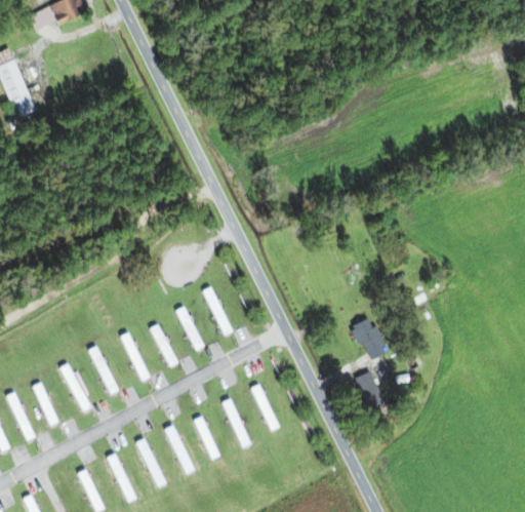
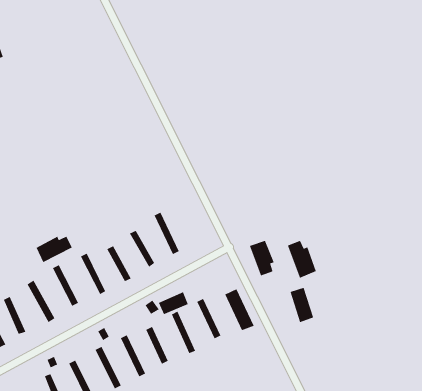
building: none -> [35,236,73,263]
building: none -> [249,240,275,276]
building: none -> [224,288,255,331]
building: none -> [158,291,189,315]

